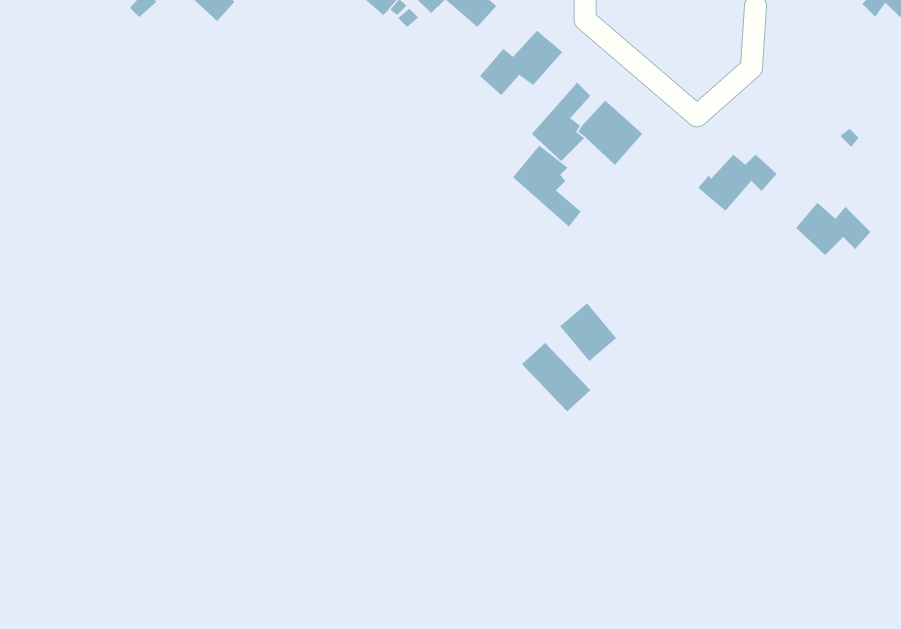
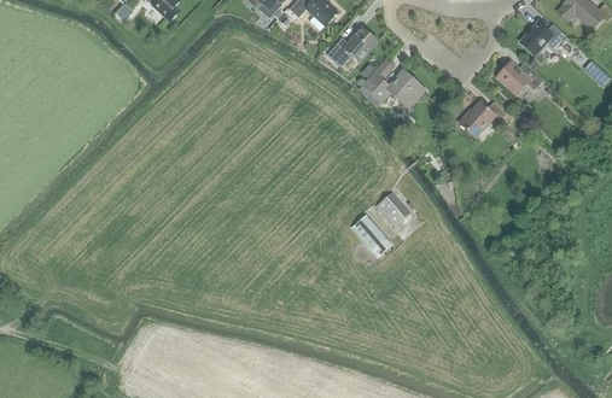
building: none -> [520,22,564,52]
building: [512,145,582,228] -> none
building: [795,202,871,256] -> [496,60,542,93]

